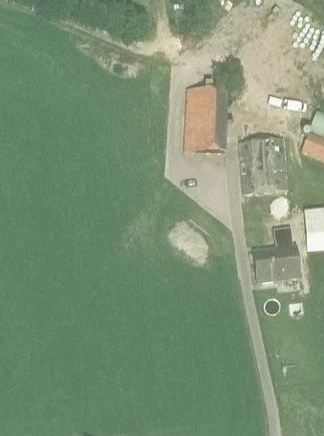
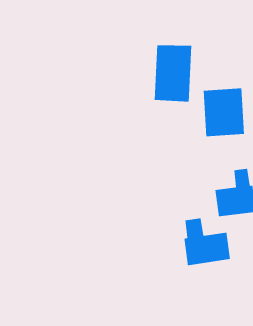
building: none -> [184,218,231,266]

